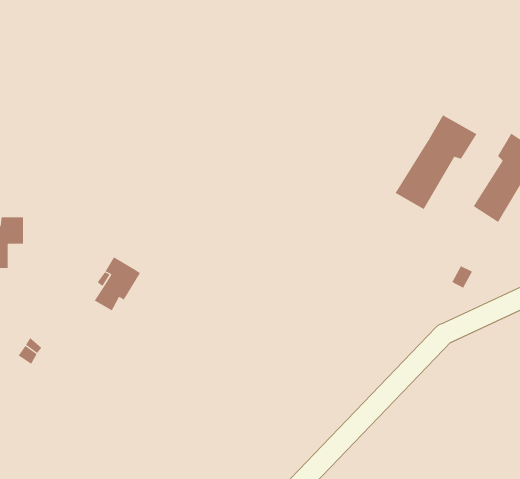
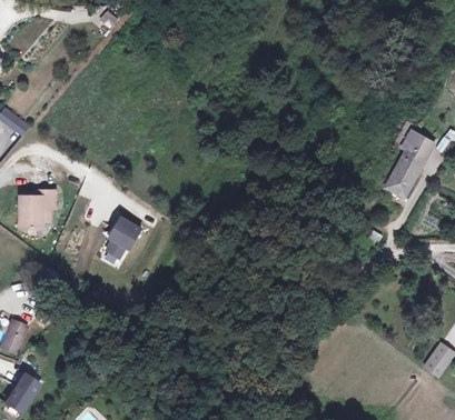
building: [395,115,477,210] -> none

